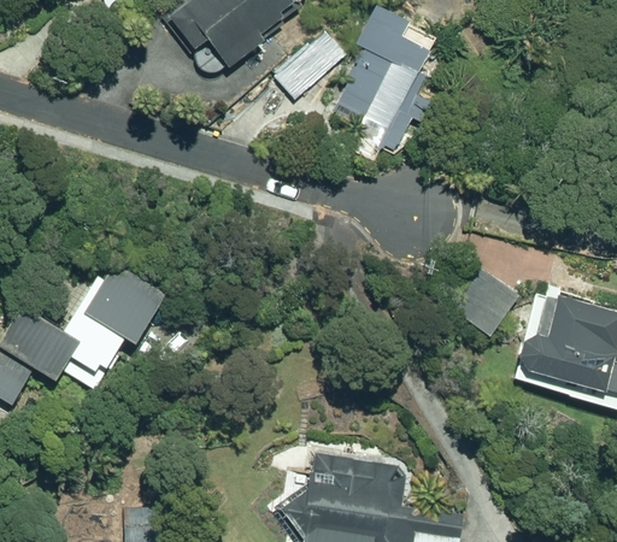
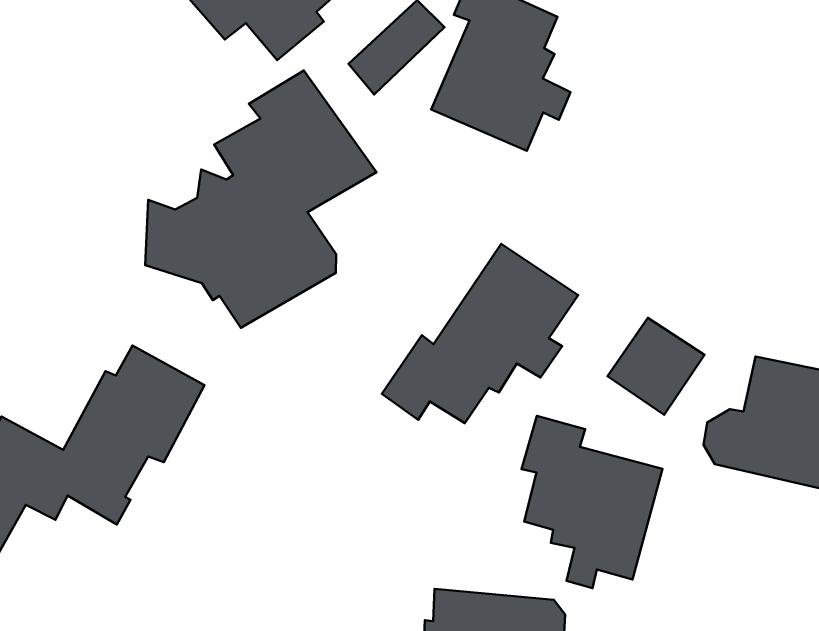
building: none -> [145,71,377,328]
building: none -> [382,244,578,423]
building: none -> [521,416,662,588]

